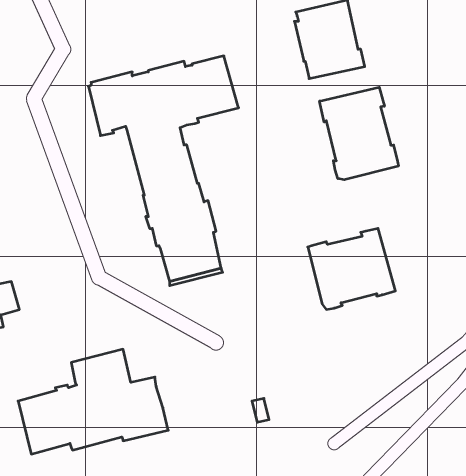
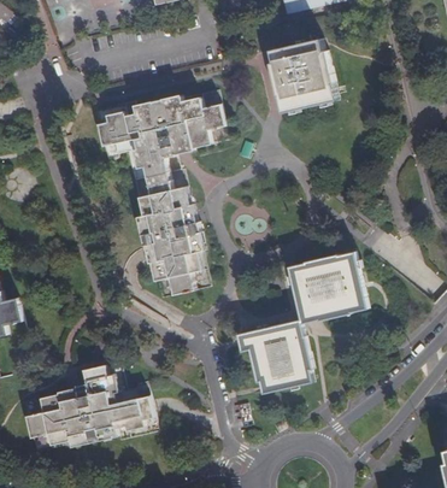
building: [320,87,398,180] -> none
building: none -> [239,316,314,390]

